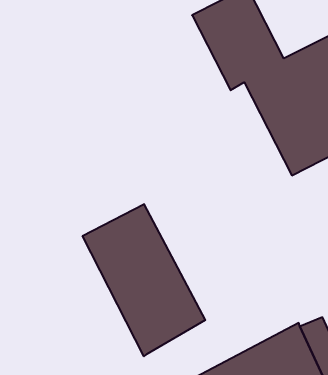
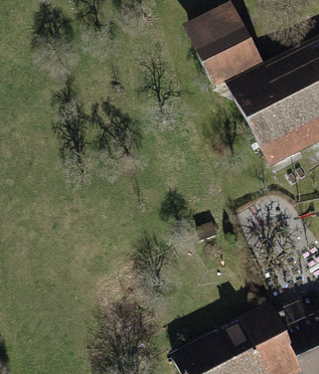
building: [83,204,205,356] -> none

